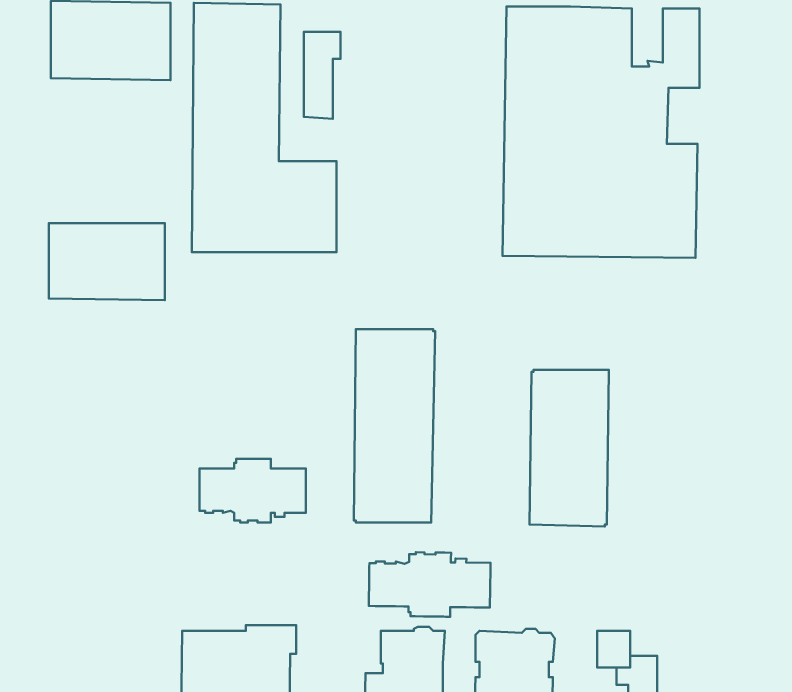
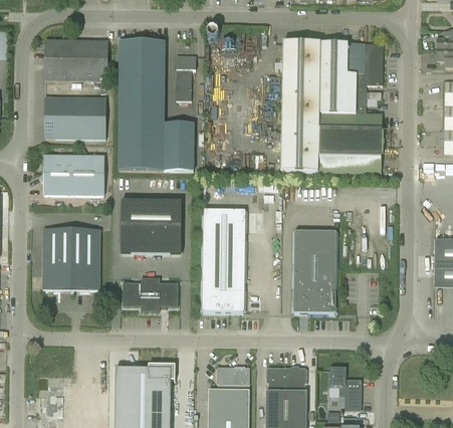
building: none -> [44,97,106,139]
building: none -> [121,200,182,250]
building: none -> [43,229,100,289]
building: [369,552,491,617] -> none

